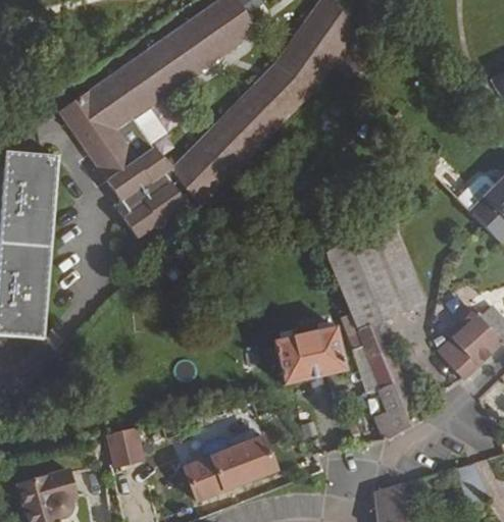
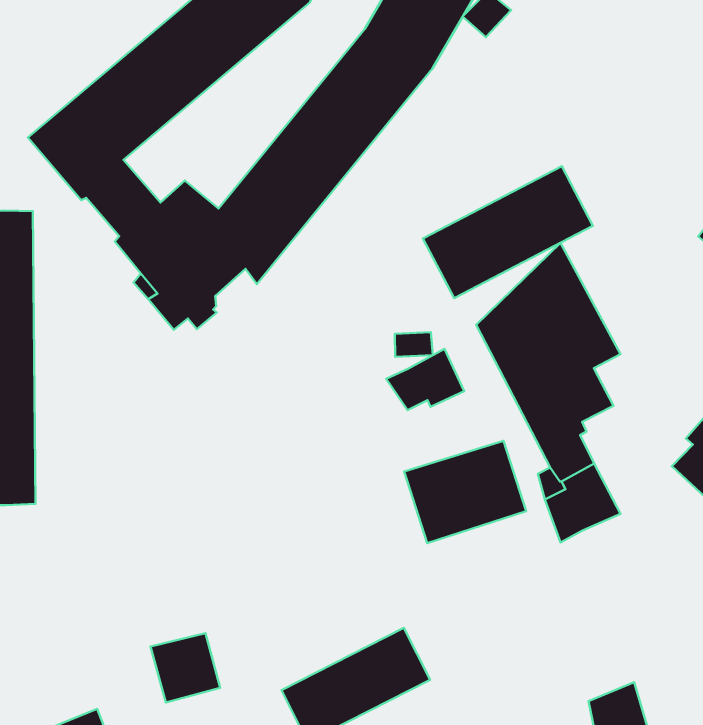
building: none -> [423,166,593,298]
building: none -> [386,349,464,410]
building: [376,377,421,439] -> none

